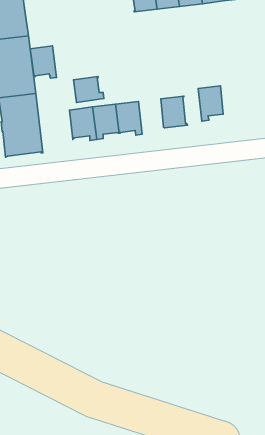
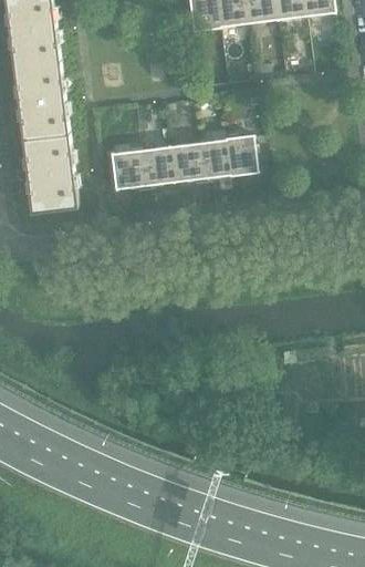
building: [30,46,56,78] -> none
building: [73,77,104,102] -> none
building: [198,86,223,121] -> [197,140,228,184]

